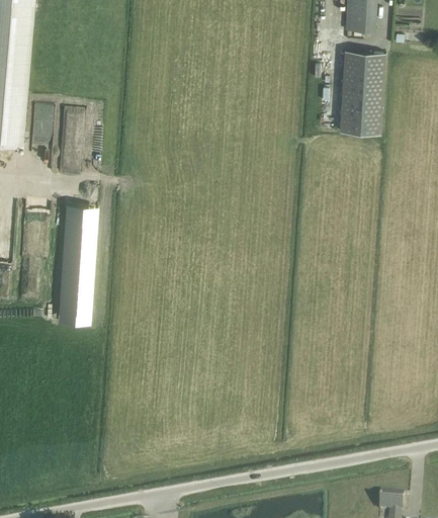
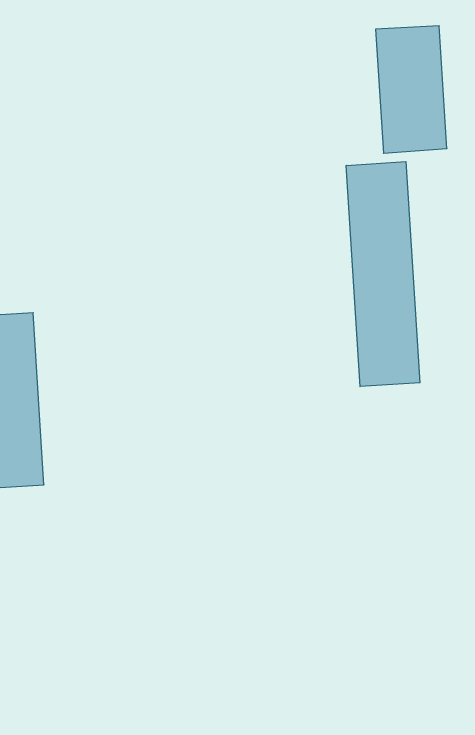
building: none -> [346,162,420,387]

